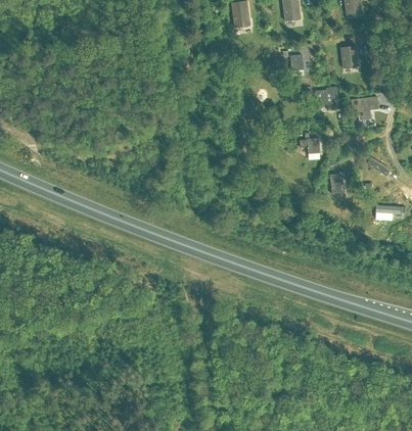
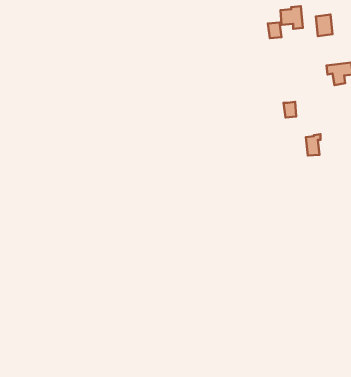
building: [316,86,339,109] -> [280,6,303,29]

